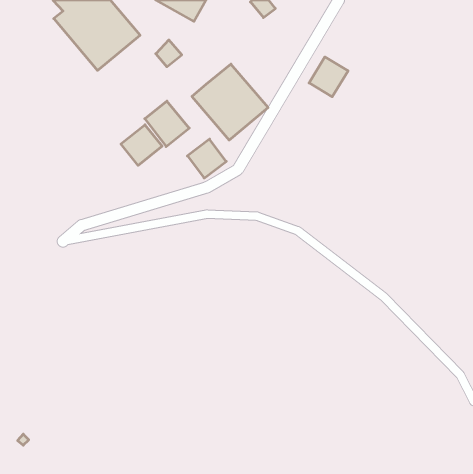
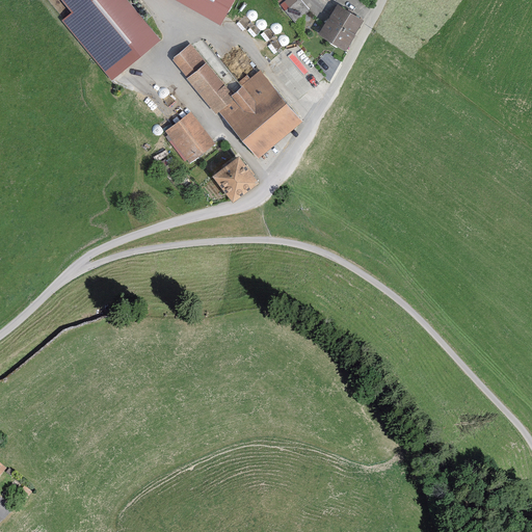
building: none -> [188,61,232,108]
building: [309,57,348,97] -> [318,5,362,50]
building: [121,125,162,165] -> none

